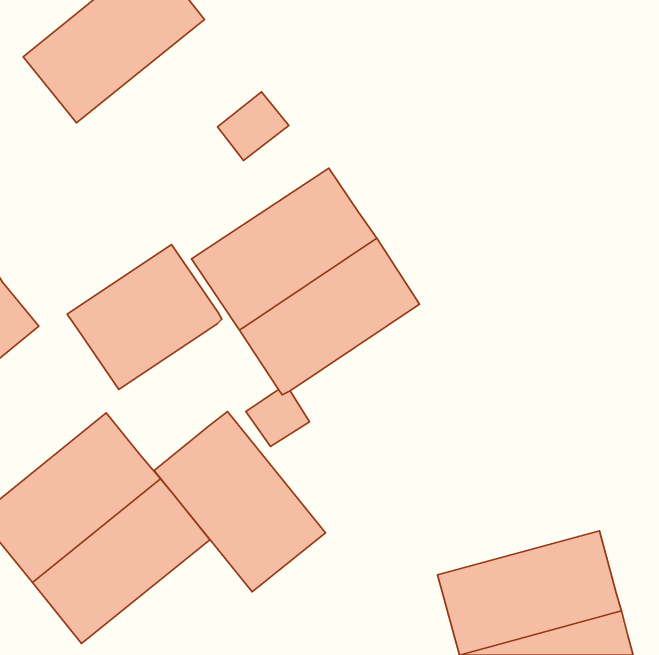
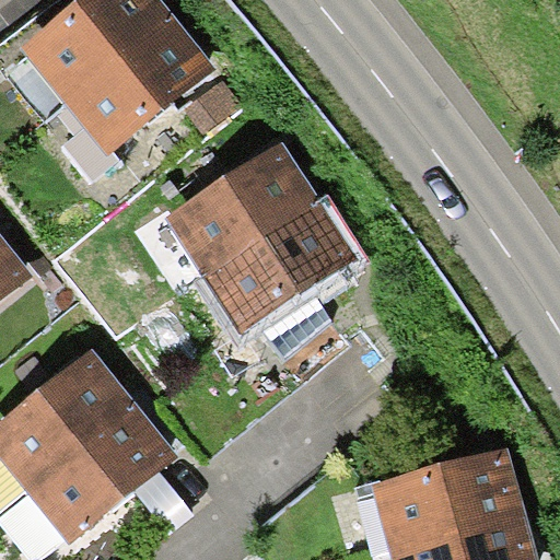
building: none -> [65,16,214,155]
building: [67,244,222,390] -> none
building: [154,412,325,592] -> none

